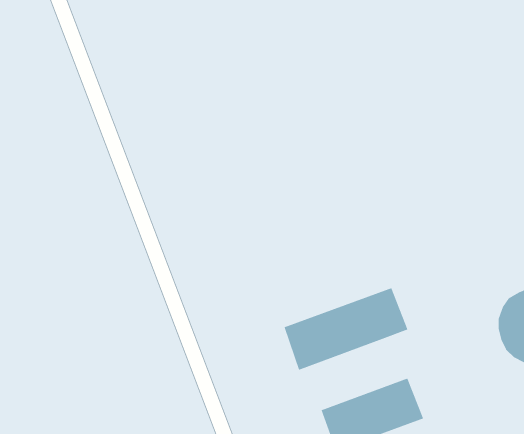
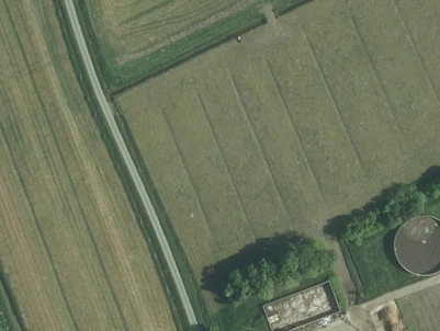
building: [283,287,408,371] -> none

